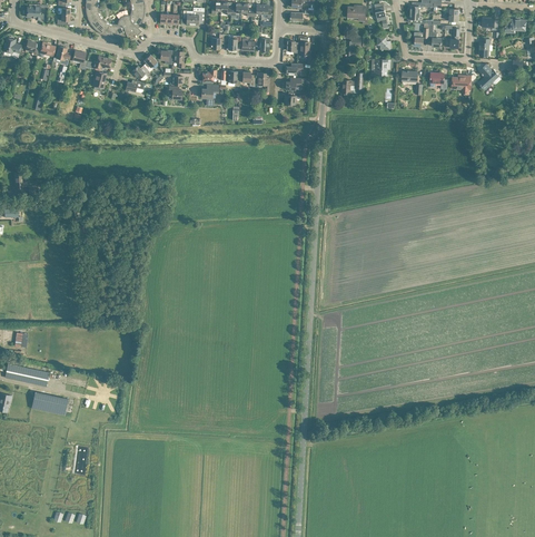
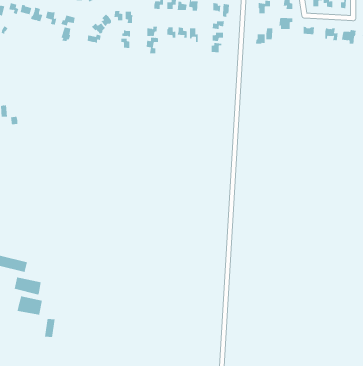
building: none -> [17,295,43,315]

